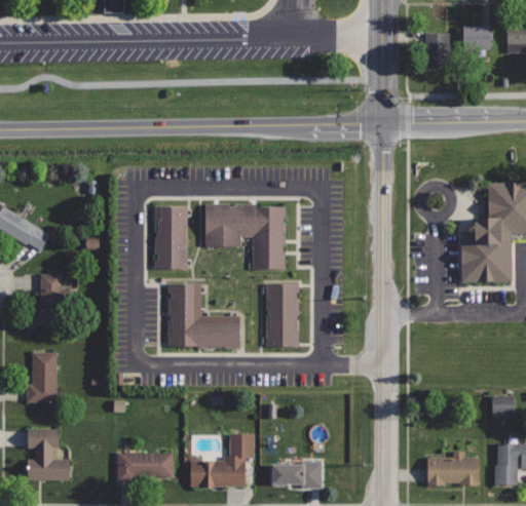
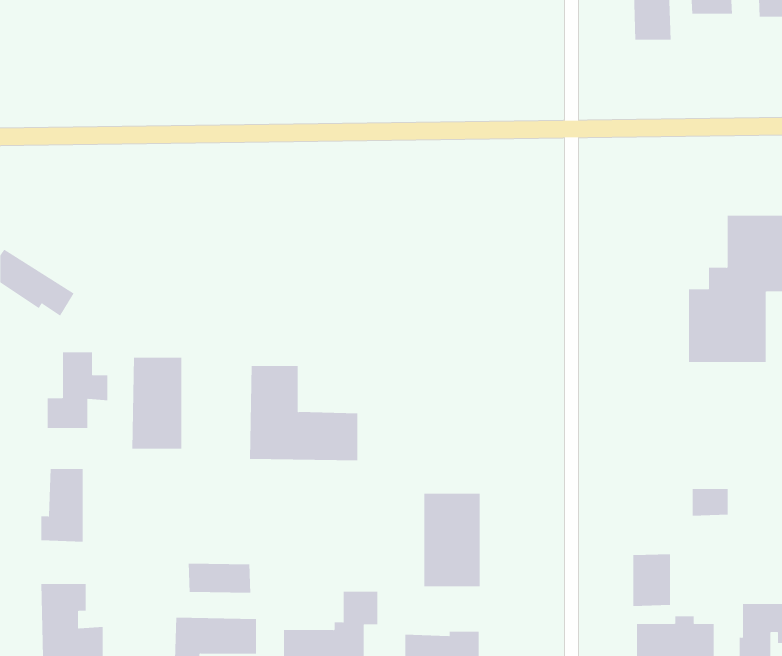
building: [203,205,286,269] -> none
building: [154,207,188,269] -> [132,357,182,449]
building: [263,284,301,347] -> [424,493,480,587]
building: [488,398,513,417] -> [692,489,729,516]
building: none -> [633,553,670,607]
building: none -> [188,563,251,594]

